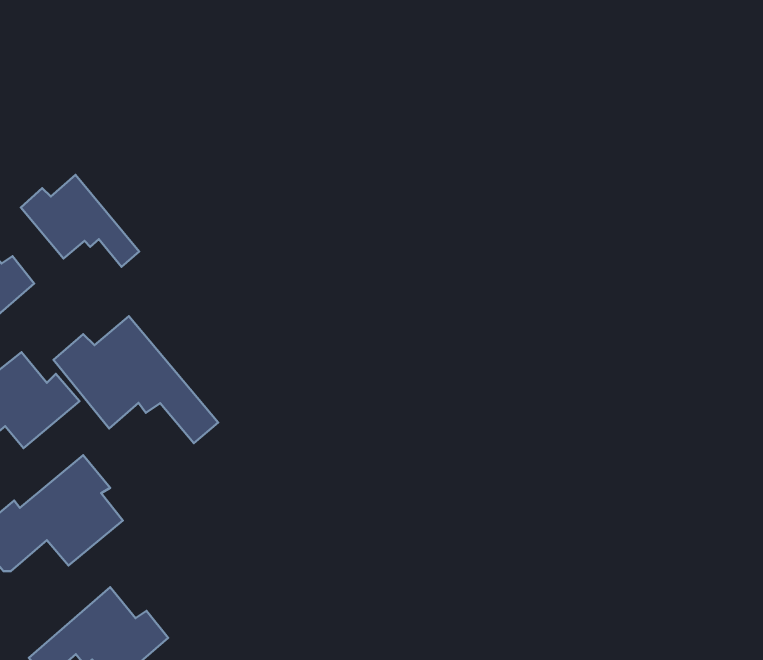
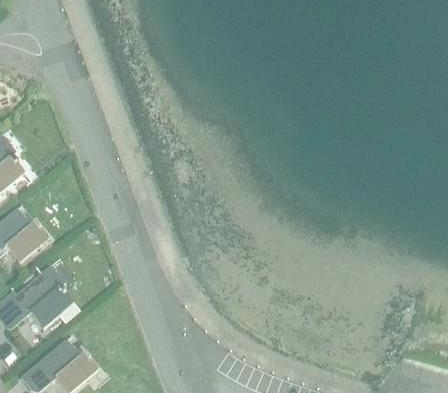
building: [21,175,139,267] -> none
building: [53,316,218,443] -> none

